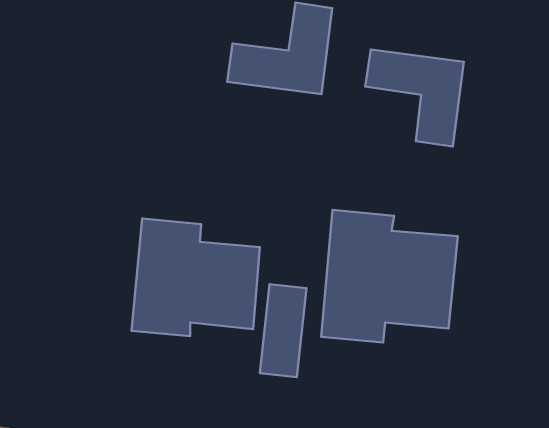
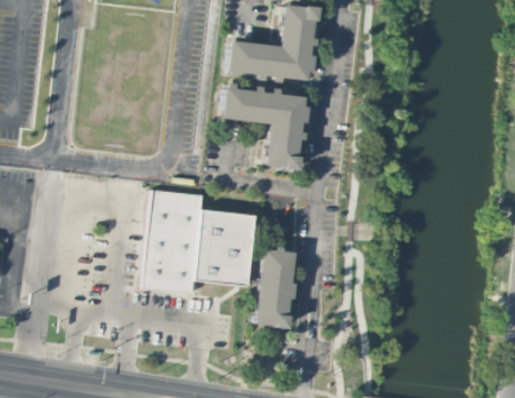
building: [365,50,464,147] -> [223,85,309,169]
building: [321,210,458,342] -> none

